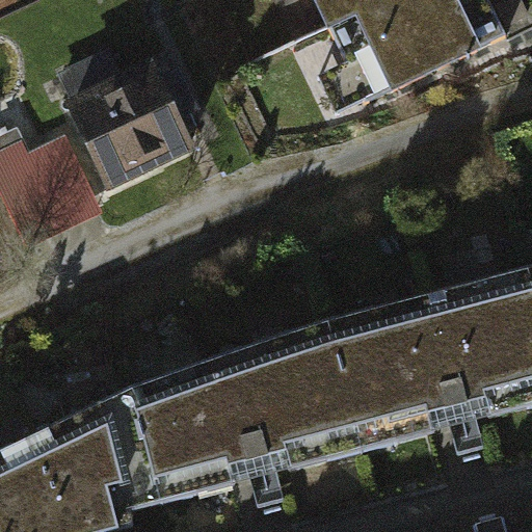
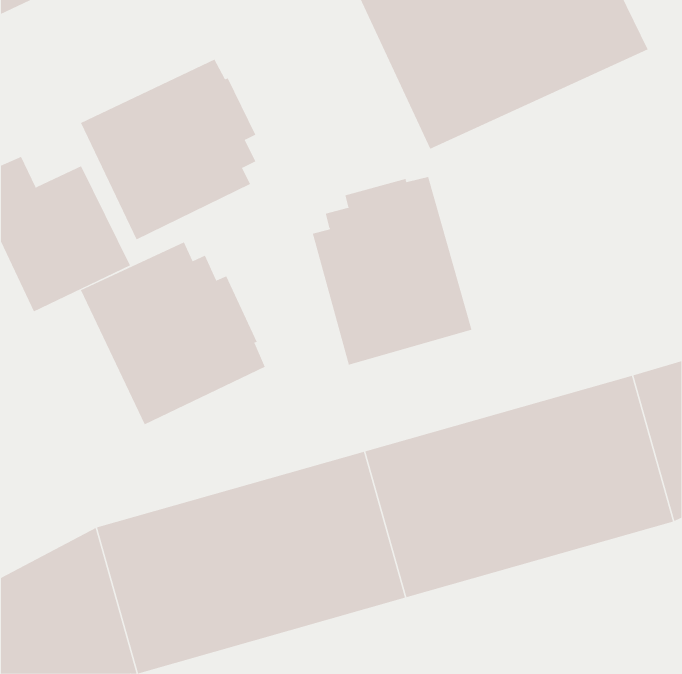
building: none -> [312,176,472,365]
building: none -> [80,242,266,425]

